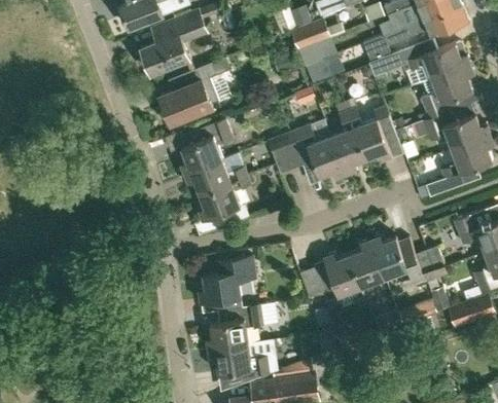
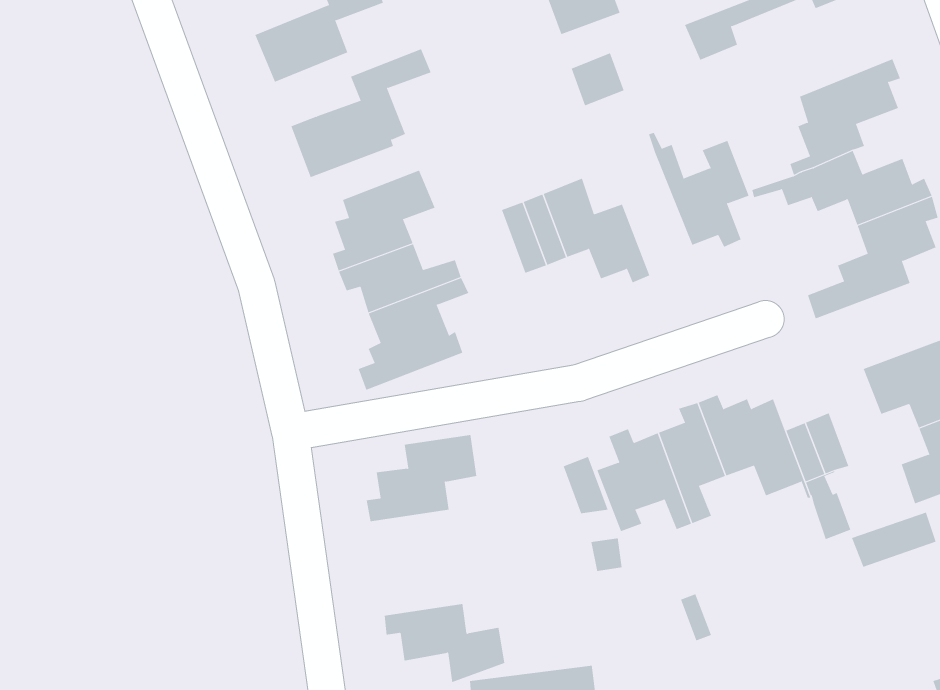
building: [367,40,470,82] -> none
building: [330,101,366,174] -> none
building: [205,305,262,350] -> none

